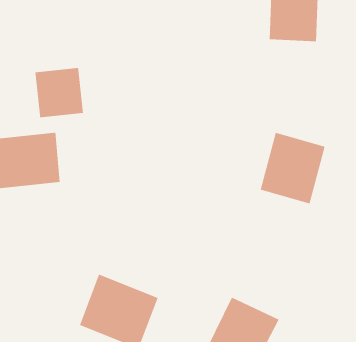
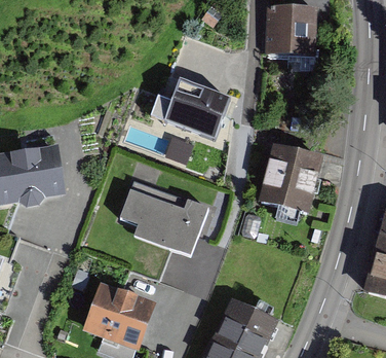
building: none -> [169,77,236,138]
building: [35,67,83,118] -> none
building: none -> [122,186,213,253]

